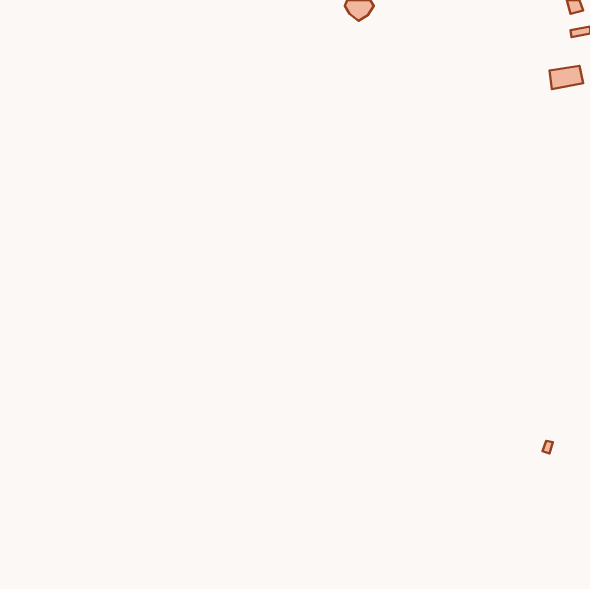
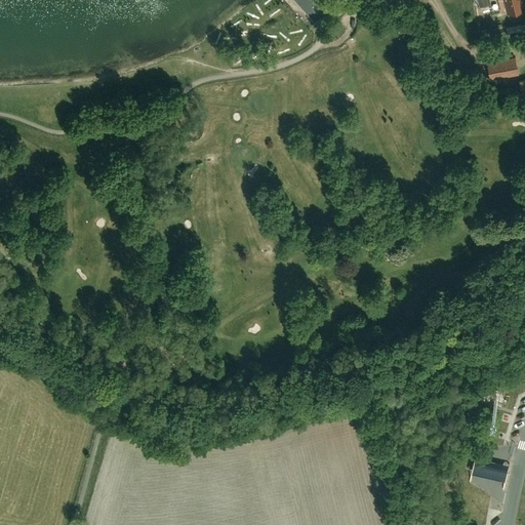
building: none -> [473,461,508,483]

